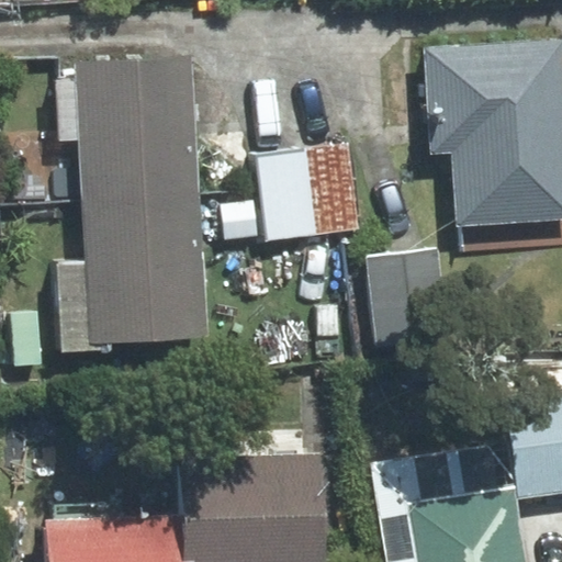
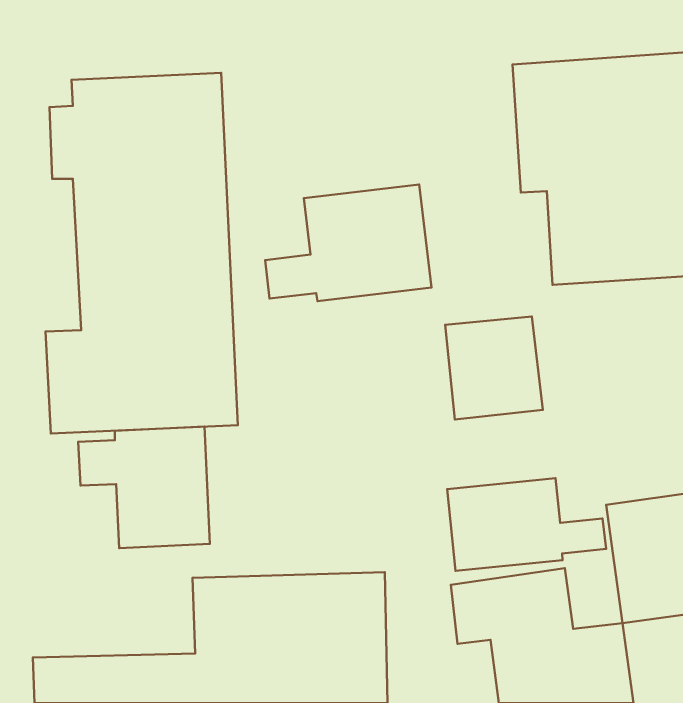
building: none -> [78,427,210,548]
building: none -> [447,478,606,571]

